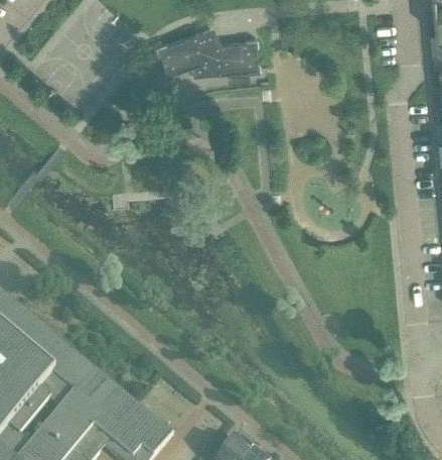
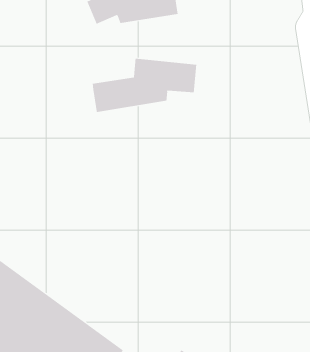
building: none -> [92,58,197,113]

